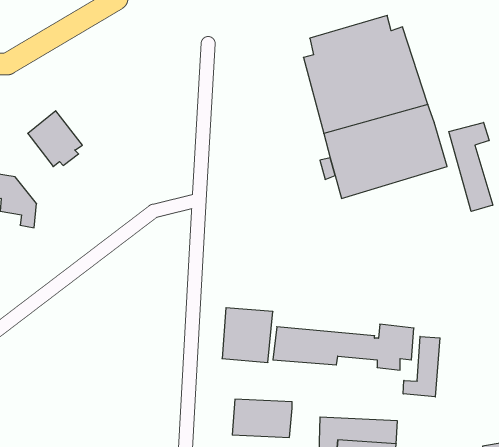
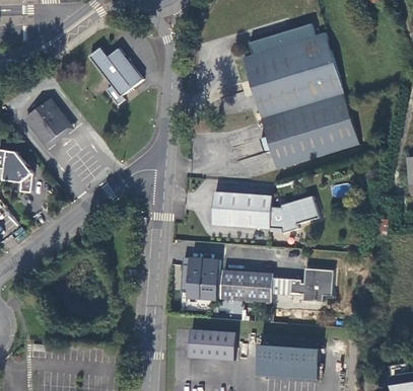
building: none -> [90,47,143,104]
building: [449,122,493,211] -> none
building: none -> [212,191,319,233]
building: [403,336,440,397] -> none

